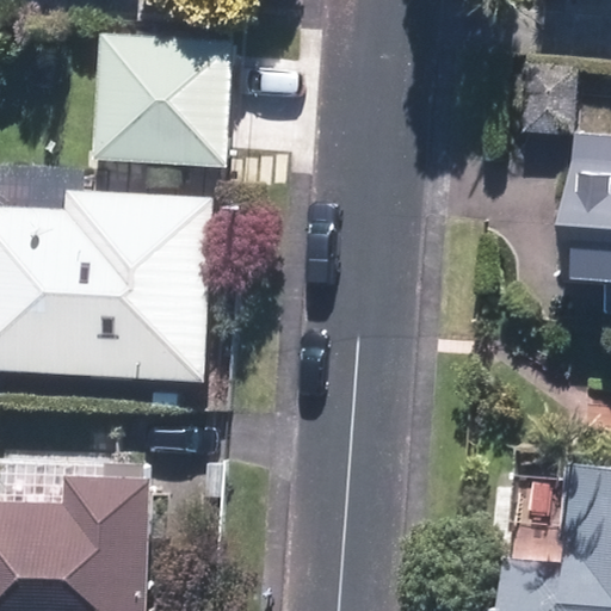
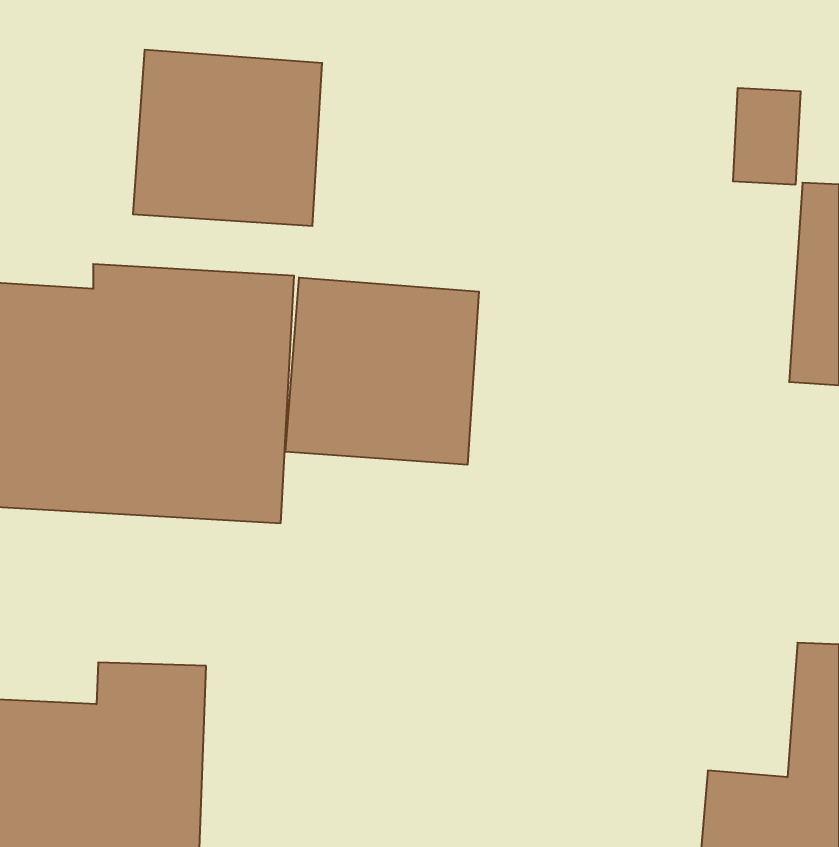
building: none -> [286,277,479,465]

